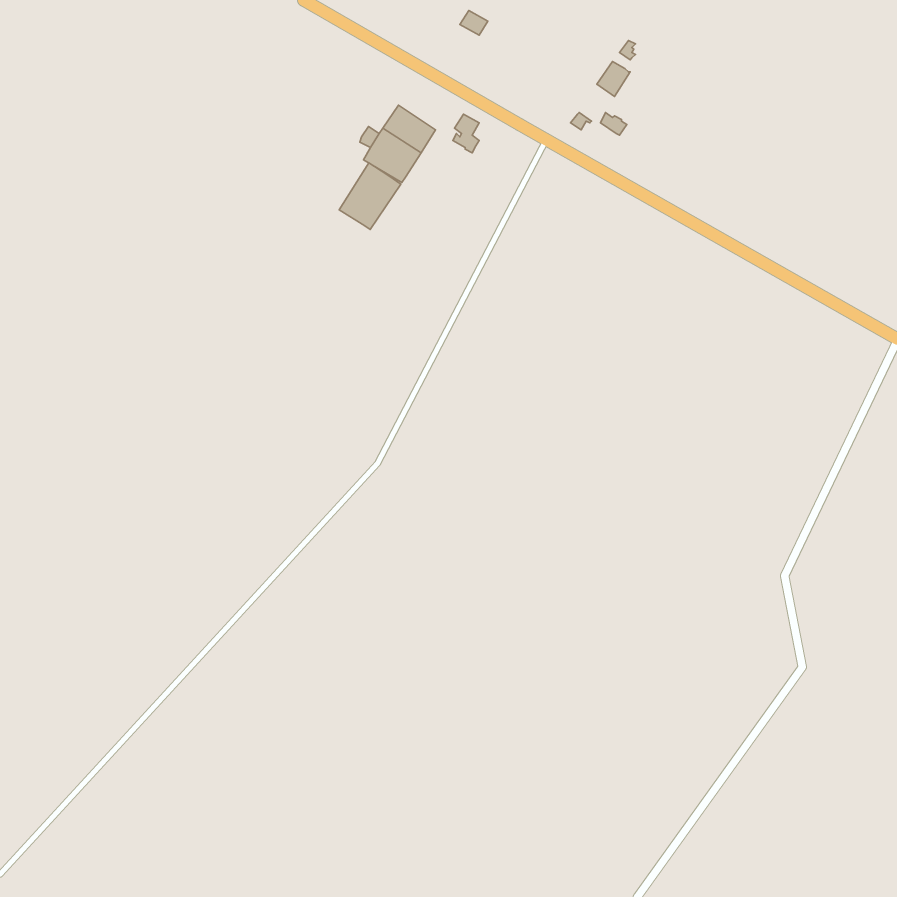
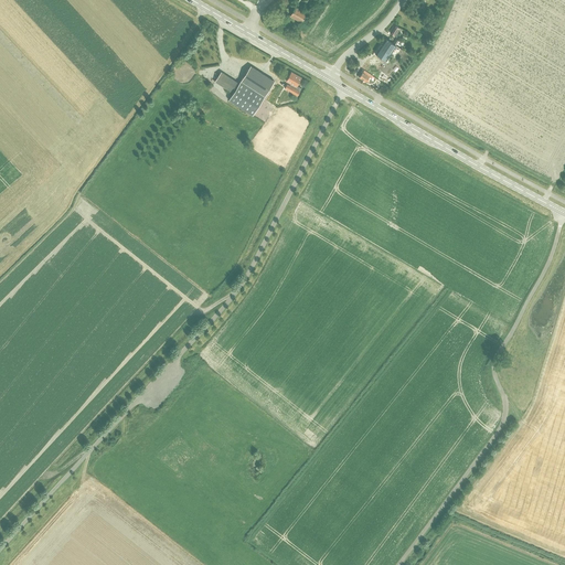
building: [339,163,401,229] -> none

